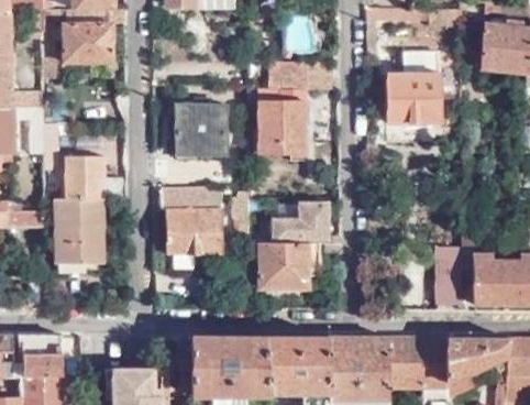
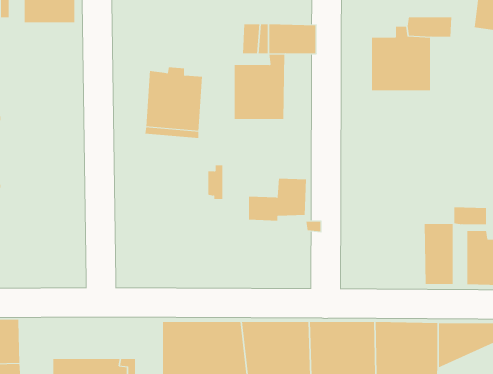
building: [57,152,107,262] -> none
building: [162,189,222,254] -> none
building: [249,243,307,288] -> none

